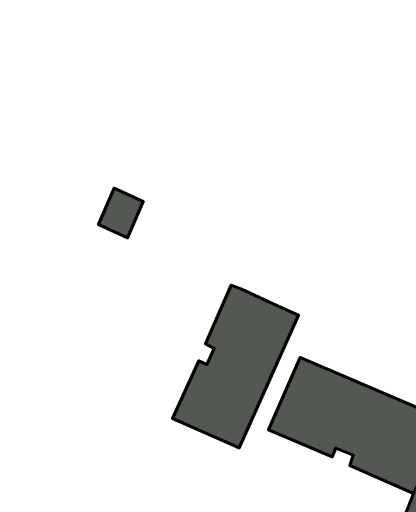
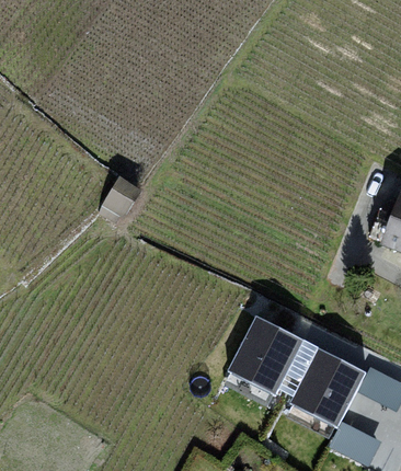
building: [173,285,298,448] -> none

